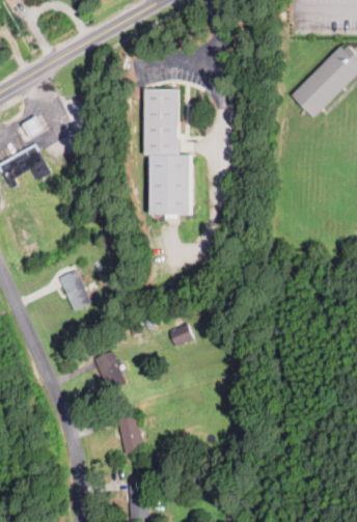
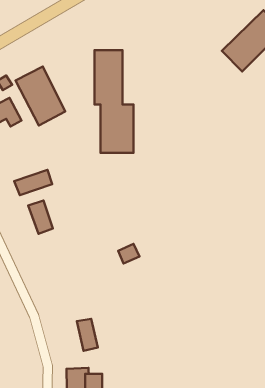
building: none -> [16,67,65,125]
building: none -> [14,170,52,195]
building: [90,349,123,390] -> none

